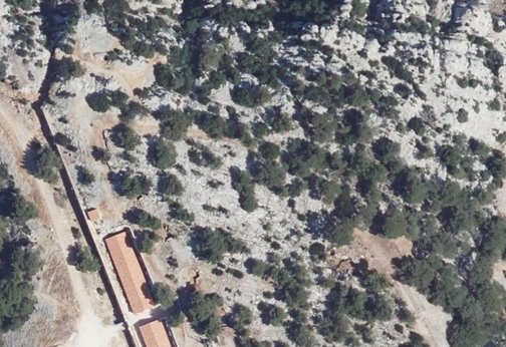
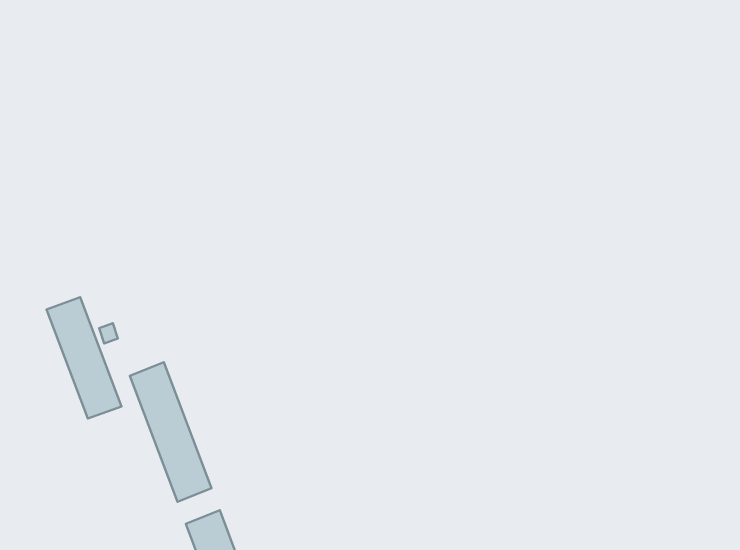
building: none -> [46,297,121,419]

